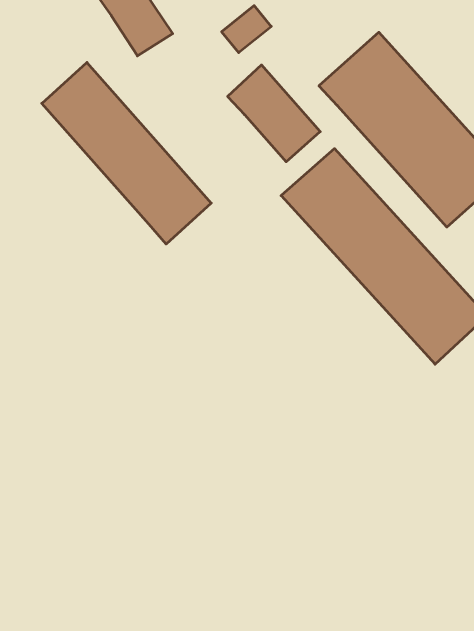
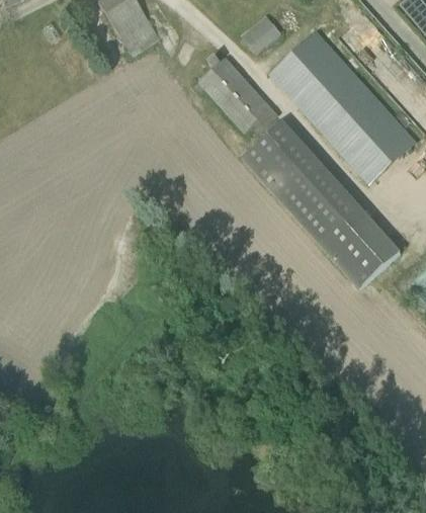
building: [222,6,271,53] -> [242,15,280,52]
building: [42,62,211,244] -> none

